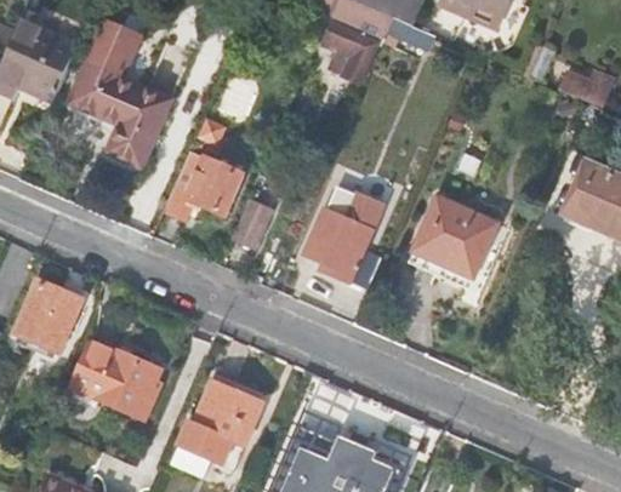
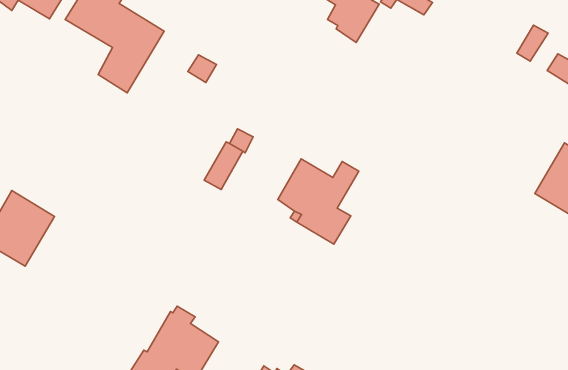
building: [163,150,244,222] -> none
building: [412,198,497,280] -> none
building: [73,343,161,419] -> none

